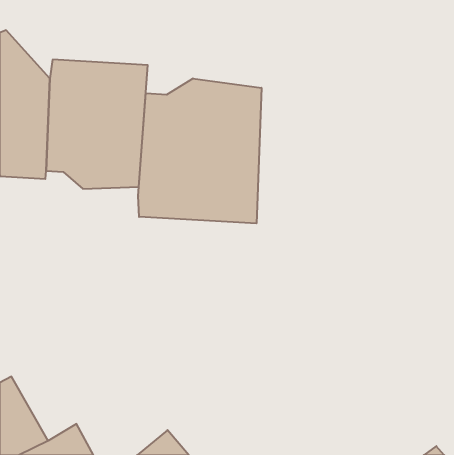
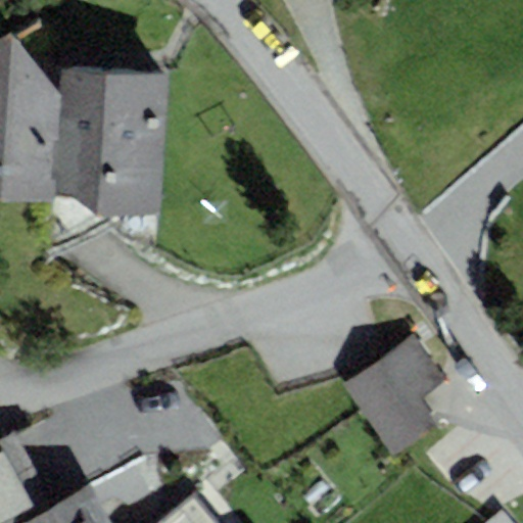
building: [138,78,261,223] -> none
building: none -> [341,334,446,456]

